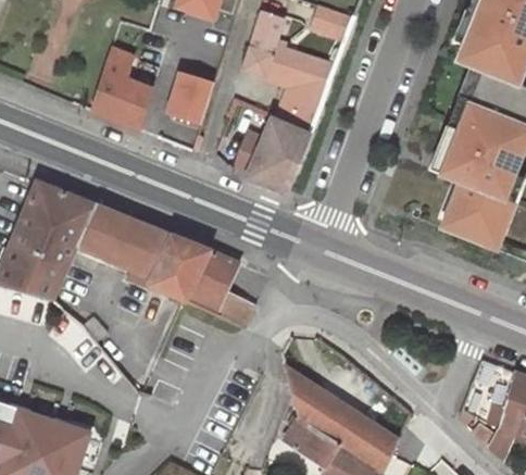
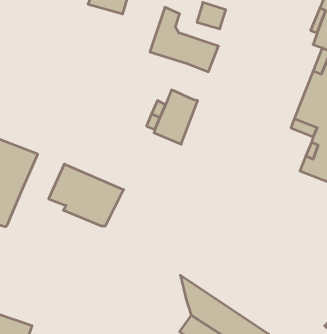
building: [92,50,152,128] -> none
building: [156,66,206,123] -> none
building: [278,85,322,133] -> none
building: [77,204,132,263] -> none
building: [186,251,258,327] -> none

